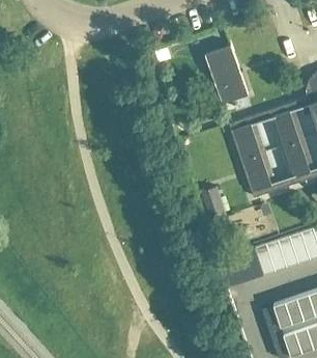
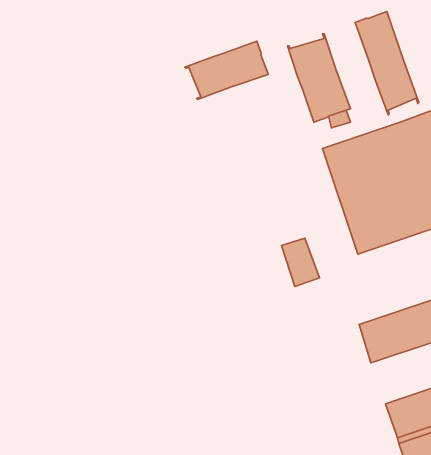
building: none -> [355,12,419,115]
building: none -> [185,41,268,99]

